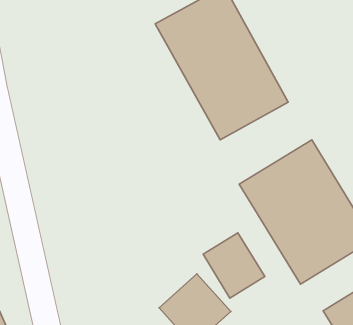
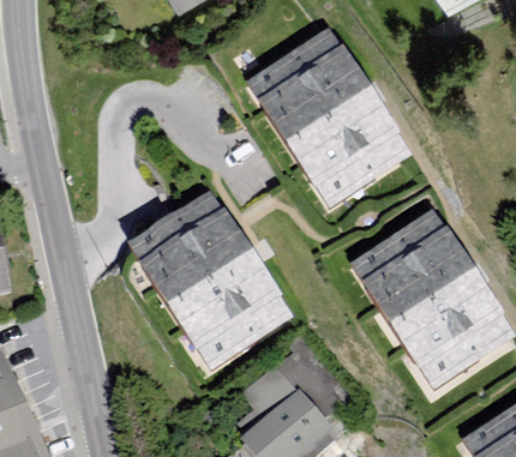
building: none -> [138,202,296,369]
building: [203,233,265,298] -> none

